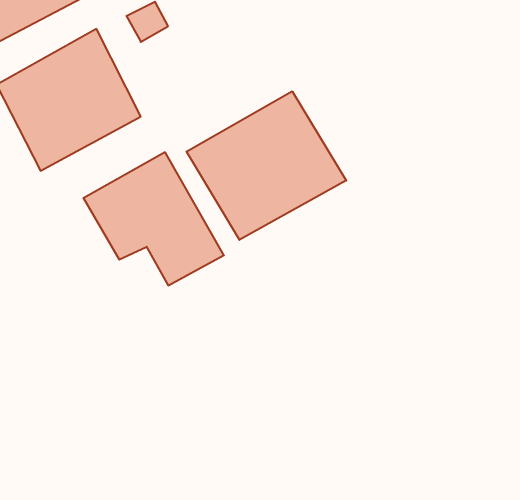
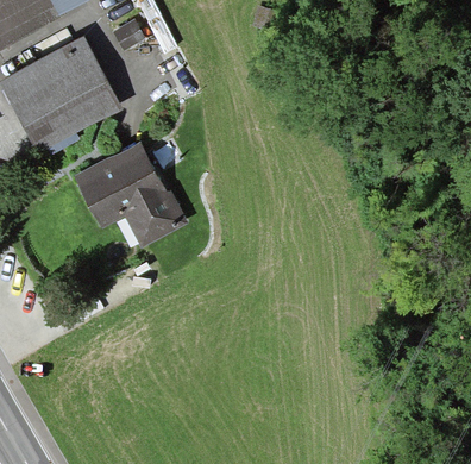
building: [187,91,346,240] -> none

